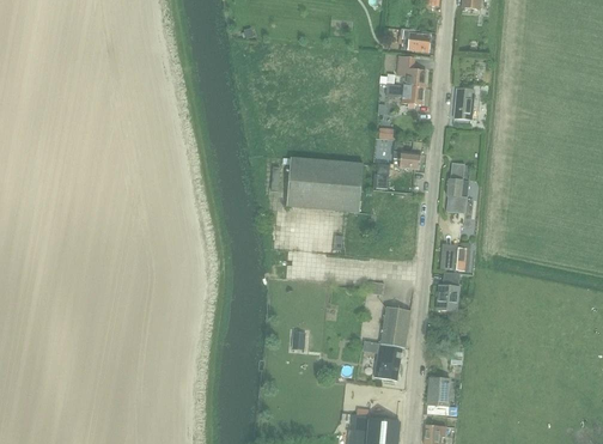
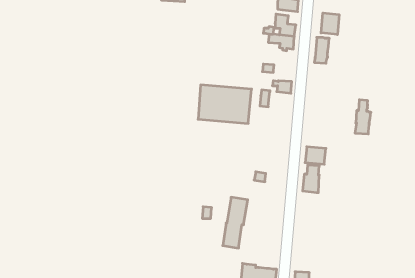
building: none -> [321,13,339,35]
building: [445,163,468,212] -> [355,100,371,134]
building: [373,306,409,379] -> [223,197,248,248]
building: [427,377,450,405] -> none

